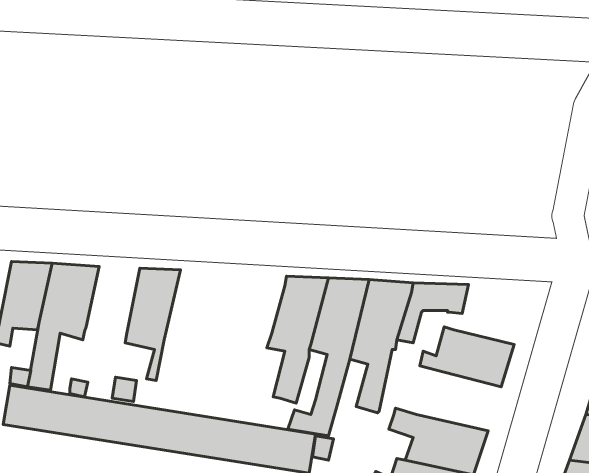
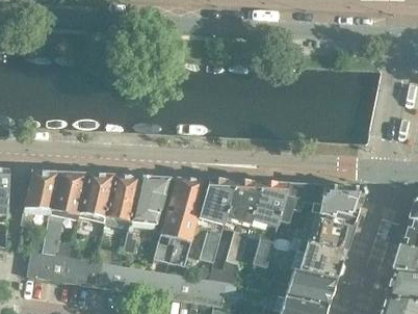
building: none -> [78,174,112,218]
building: none -> [123,176,167,247]
building: none -> [153,178,206,264]
building: none -> [309,185,361,224]
building: none -> [289,239,343,279]

